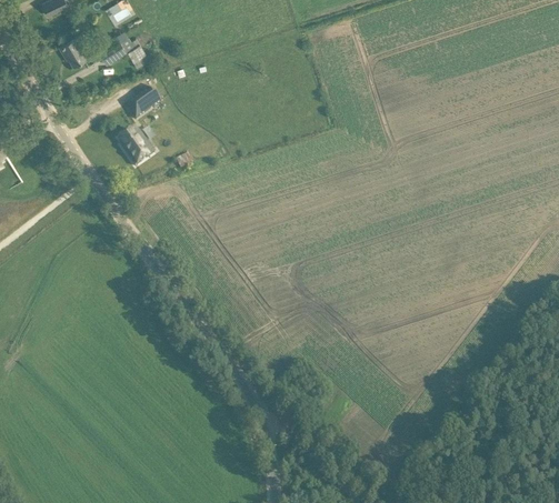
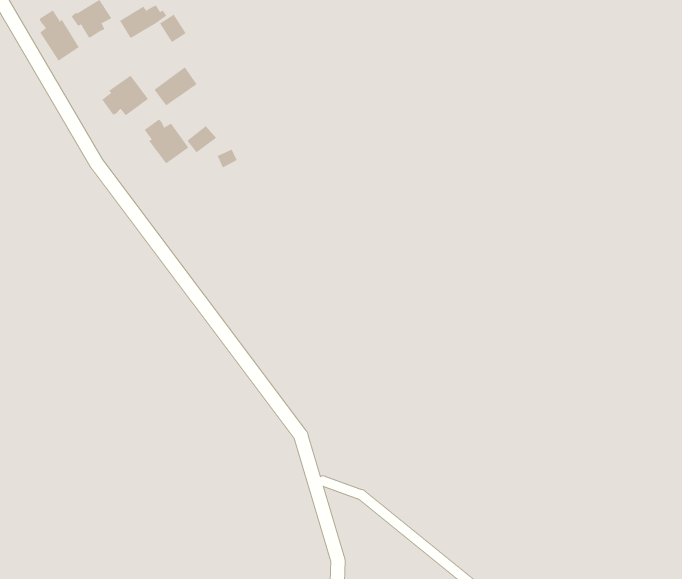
building: none -> [39,10,80,62]
building: none -> [102,75,149,116]

